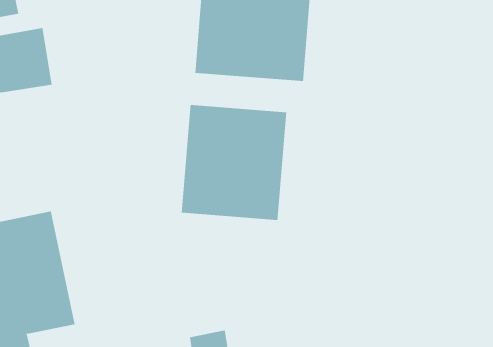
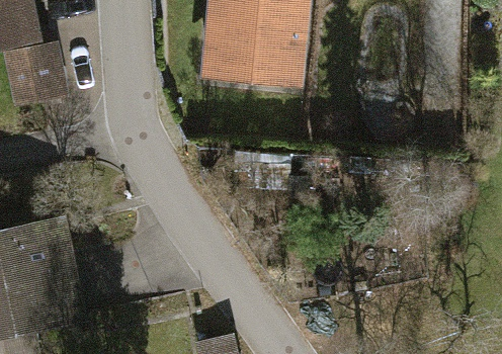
building: [181,104,287,221] -> none

